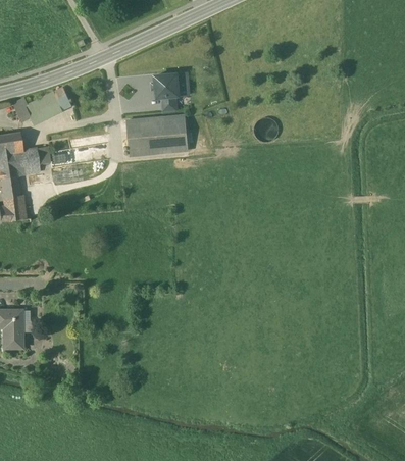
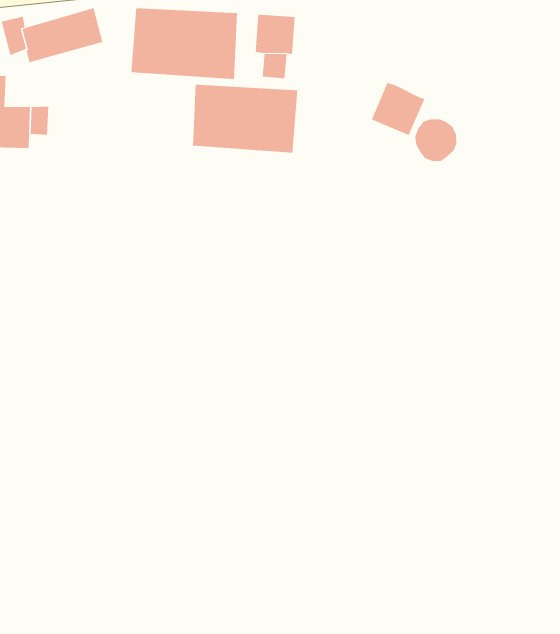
building: none -> [131,7,238,80]
building: none -> [371,82,425,136]

